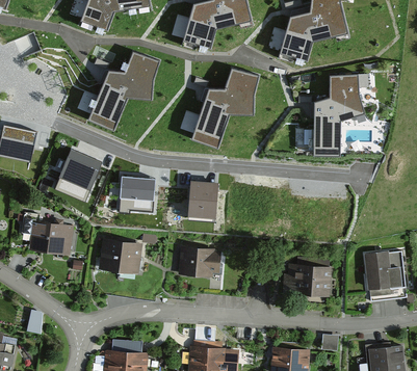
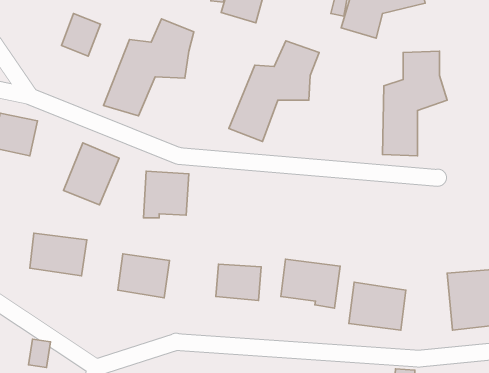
building: none -> [61,14,100,56]
building: [182,181,215,211] -> none
building: none -> [281,259,340,308]

